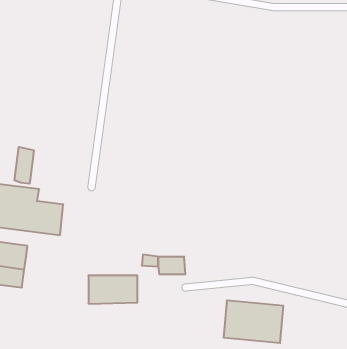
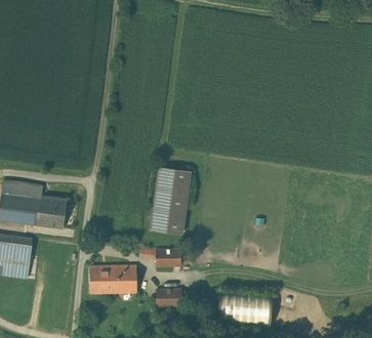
building: [15,147,34,184] -> none
building: none -> [152,168,191,234]
building: none -> [157,289,181,305]

